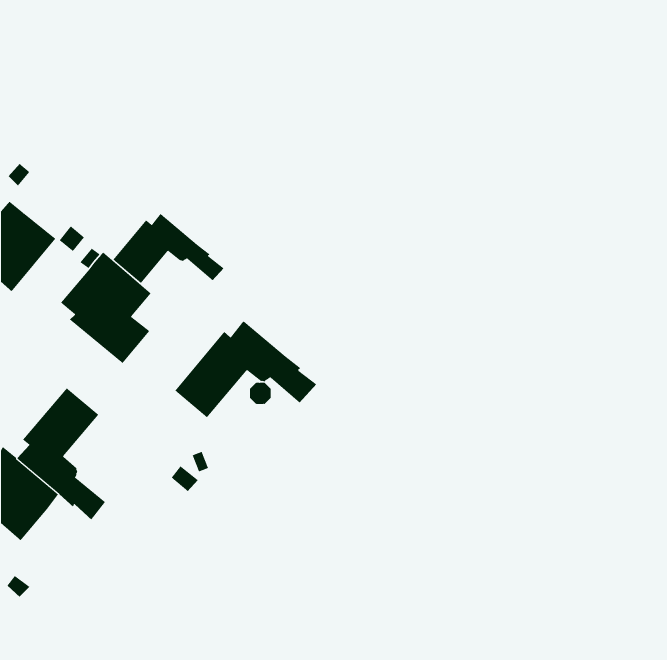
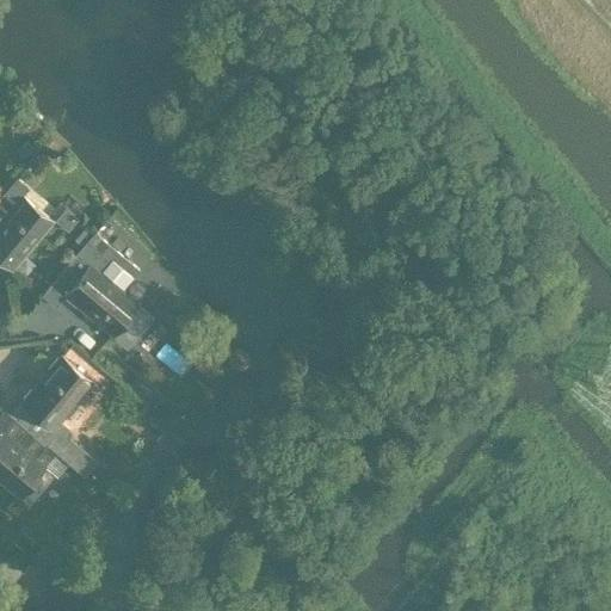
building: [112,213,225,284] -> none
building: [174,321,317,418] -> none

